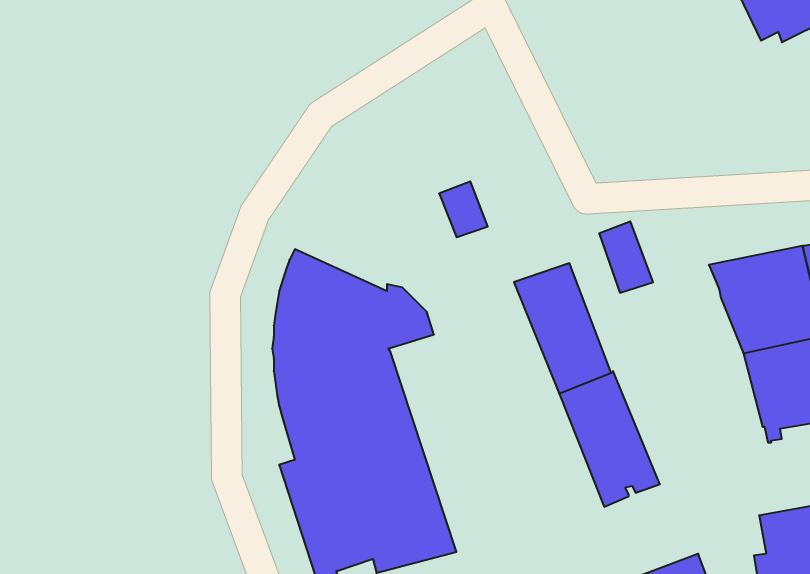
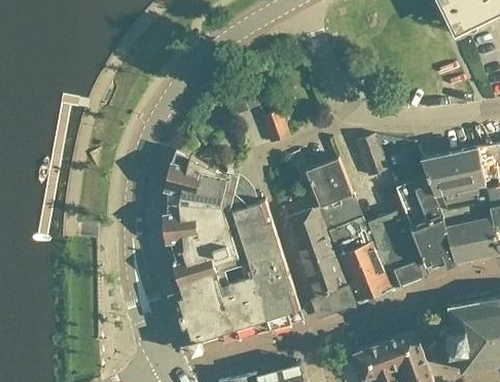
building: none -> [364,175,456,290]
building: none -> [231,200,305,331]
building: none -> [284,206,356,317]

